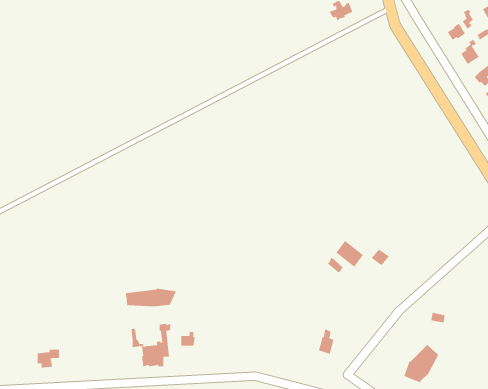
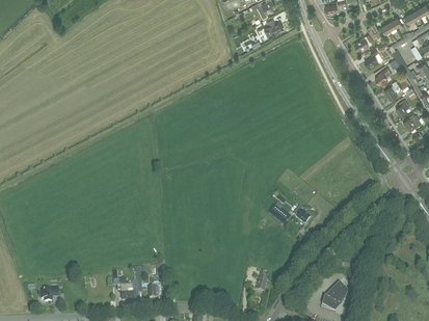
building: [125,288,177,307] -> none

